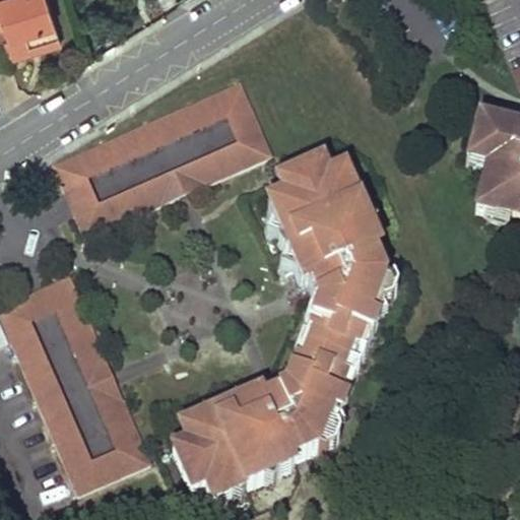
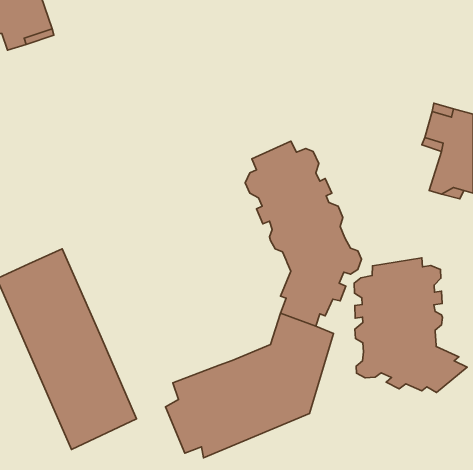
building: [52,81,269,235] -> none
building: none -> [354,258,467,393]

